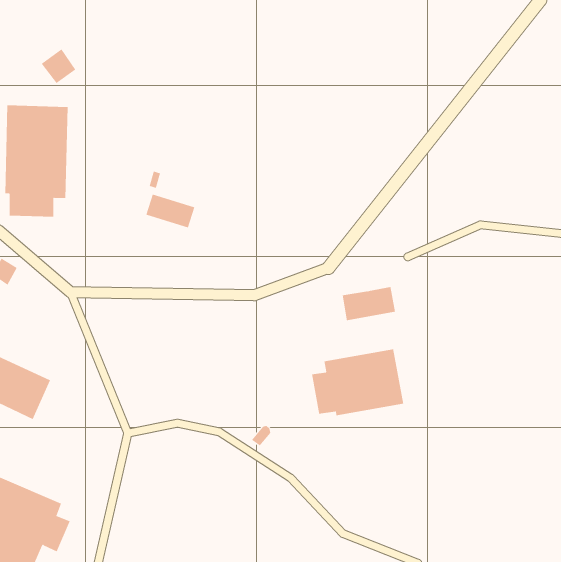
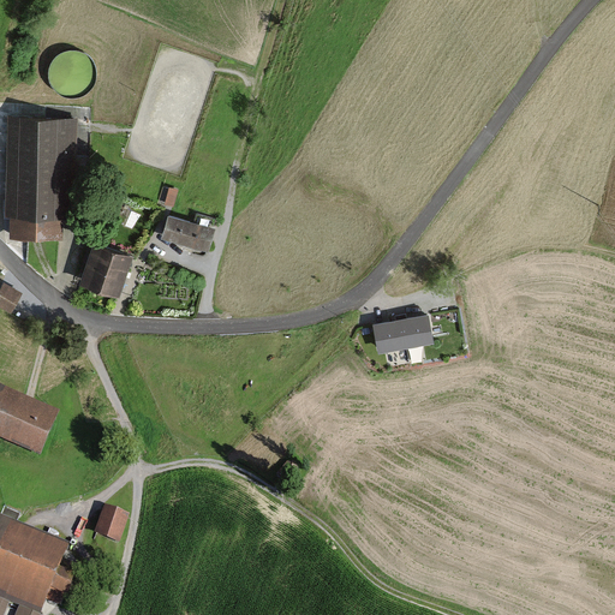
building: none -> [76,241,130,295]
building: [311,348,404,416] -> none
building: none -> [91,508,125,544]

